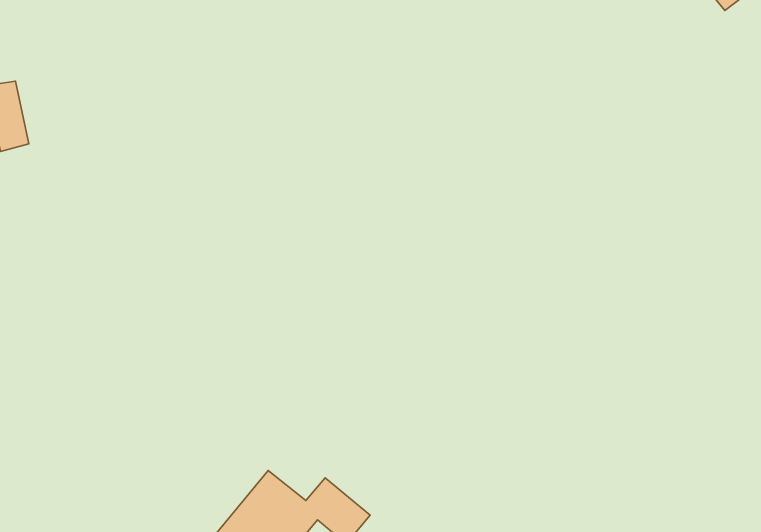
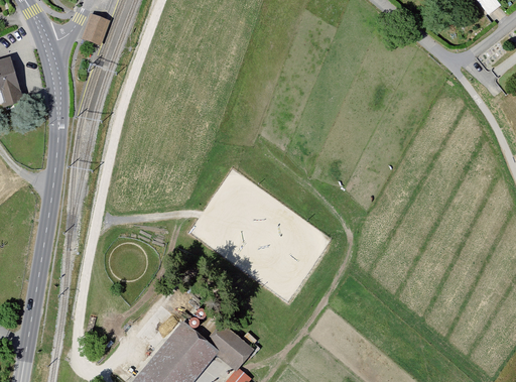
building: none -> [85,14,107,42]

